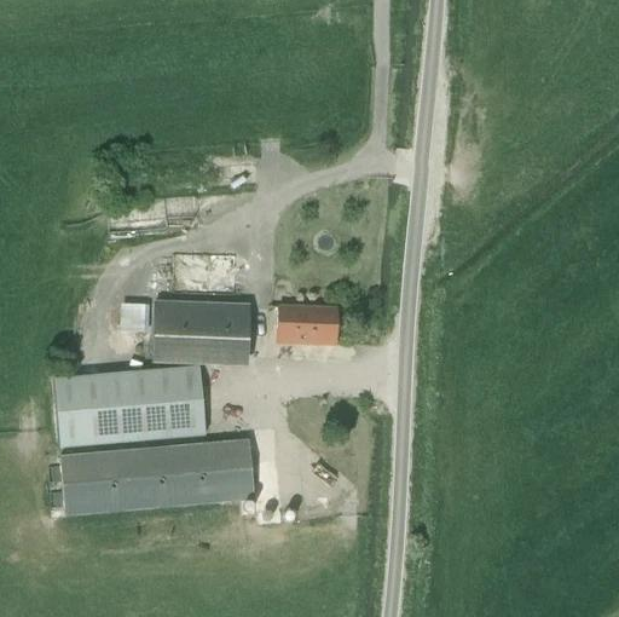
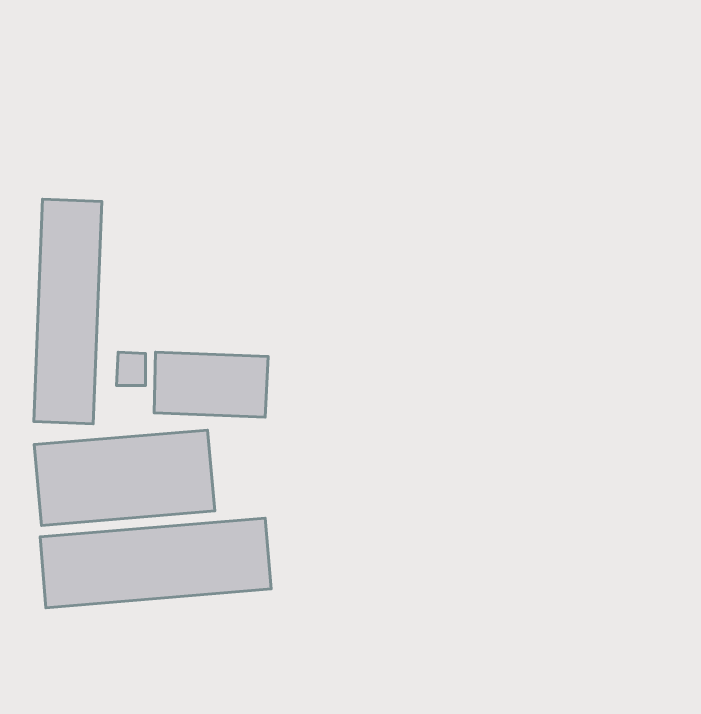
building: none -> [34,199,102,424]
building: [279,305,339,344] -> none

